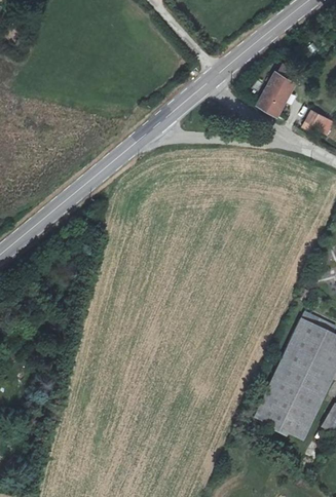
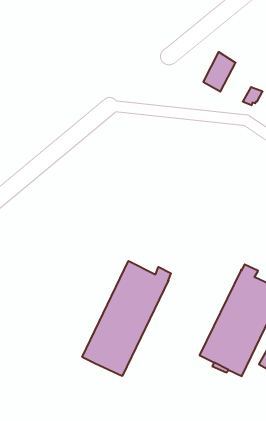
building: none -> [82,261,171,376]

